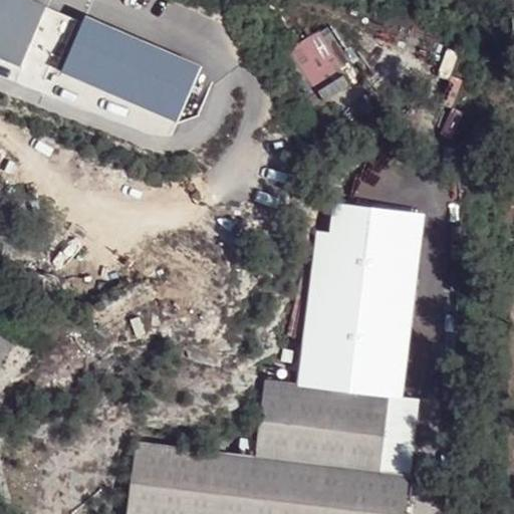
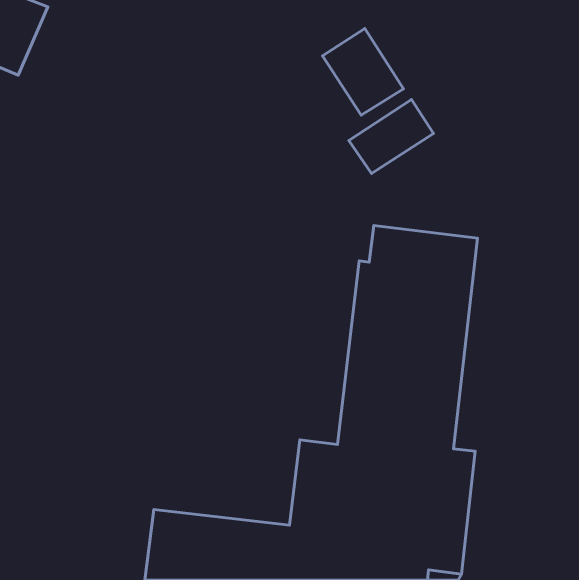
building: [58,19,203,139] -> none
building: none -> [349,99,434,174]

